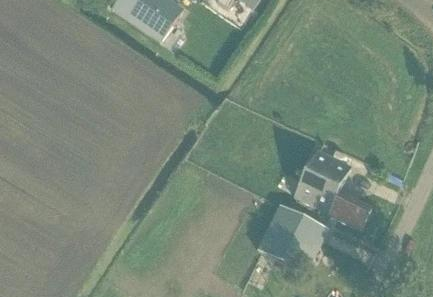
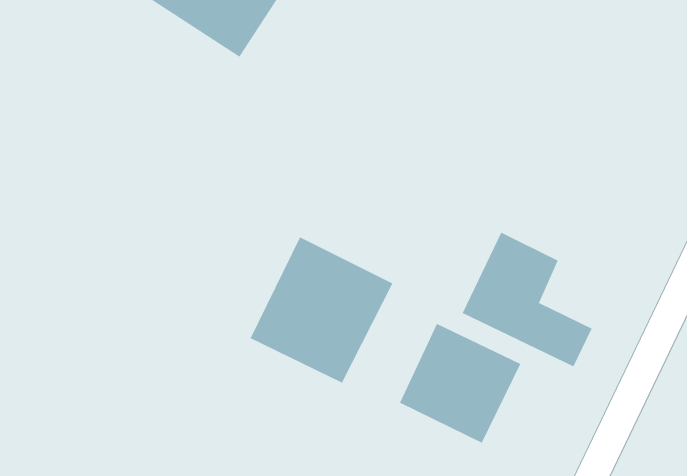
building: none -> [250,237,393,383]

